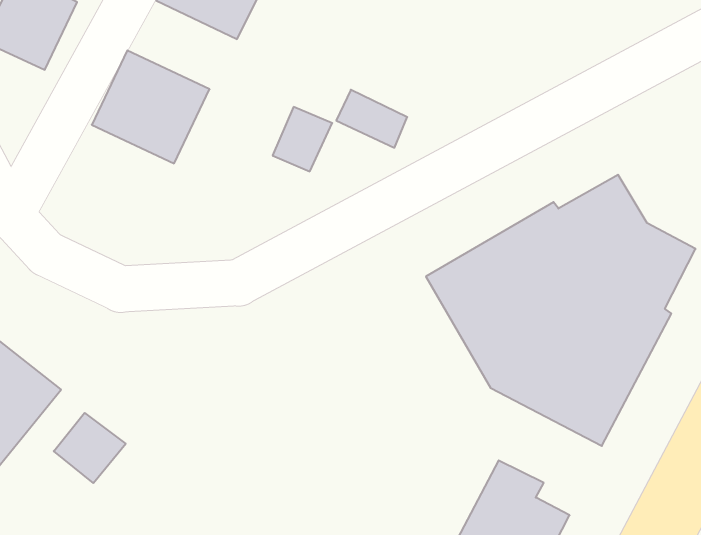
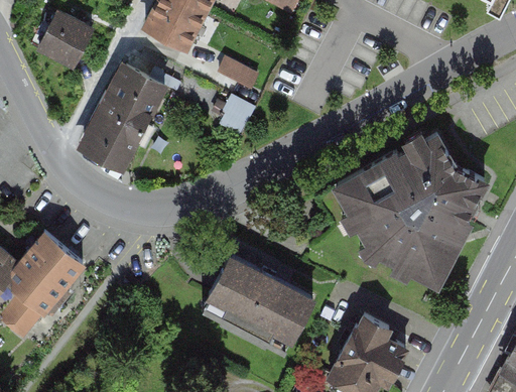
building: [336,90,407,148] -> [217,57,261,94]
building: none -> [85,104,157,173]
building: none -> [206,255,310,341]
building: [54,413,126,483] -> none

